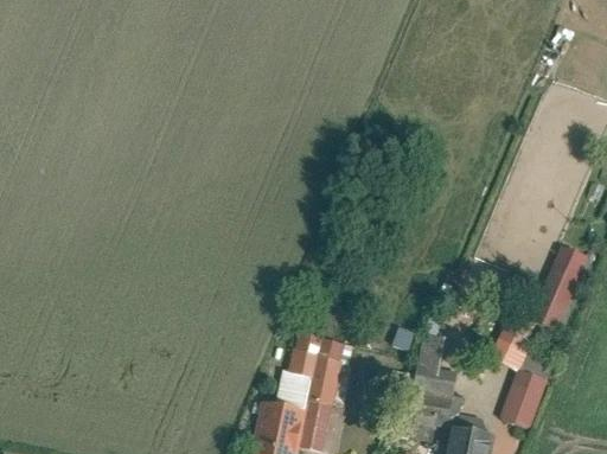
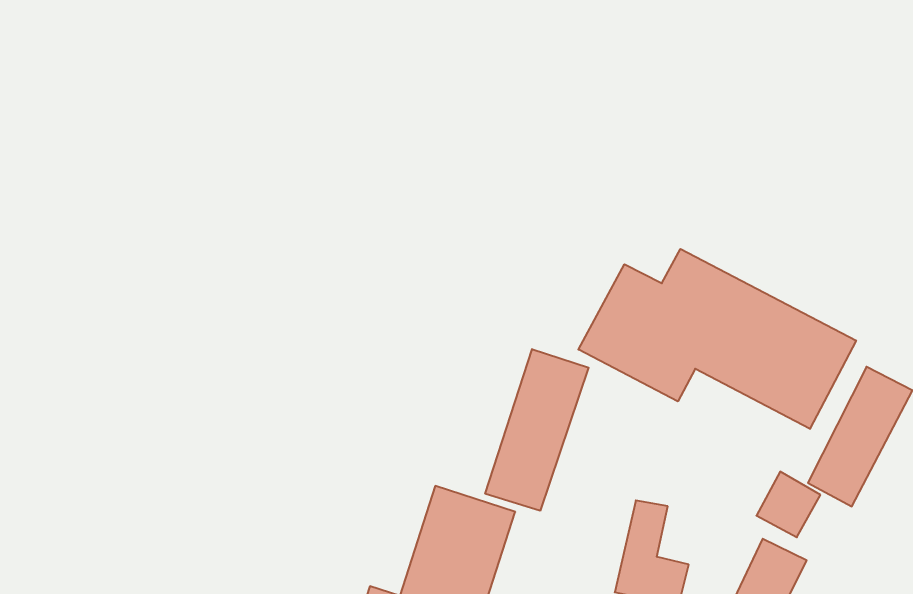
building: none -> [578,249,856,429]
building: none -> [485,349,589,511]

